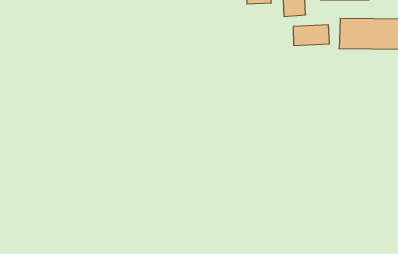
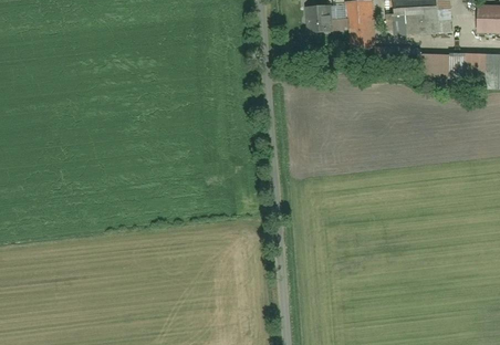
building: [294,25,329,46] -> none

